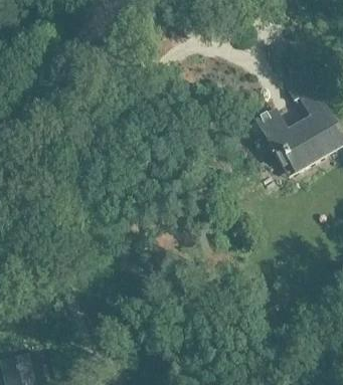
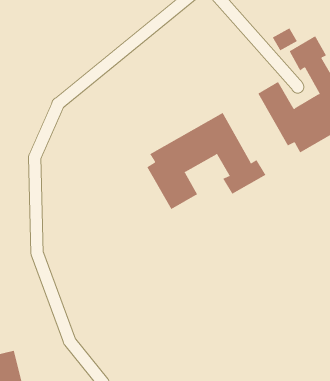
building: none -> [146,112,266,210]

